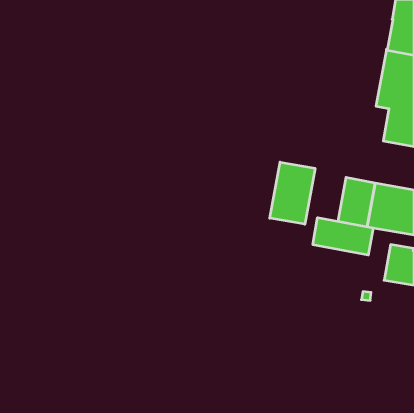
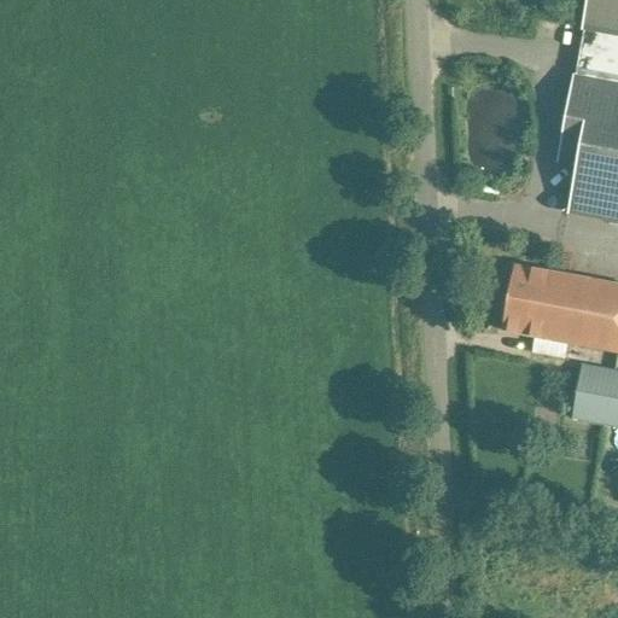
building: [270,162,315,224] -> none
building: [313,218,373,255] -> none

